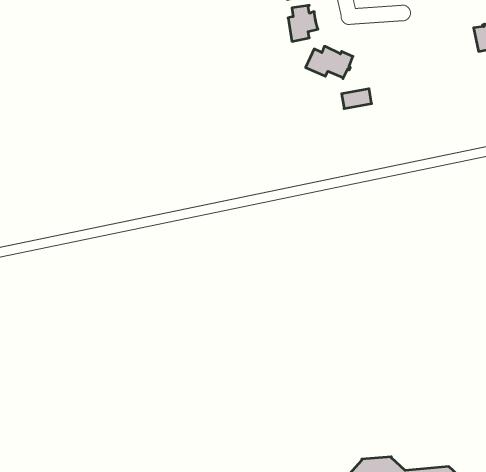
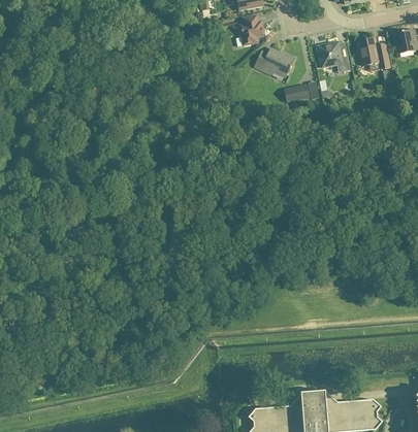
building: none -> [357,37,390,69]
building: none -> [318,41,351,70]

